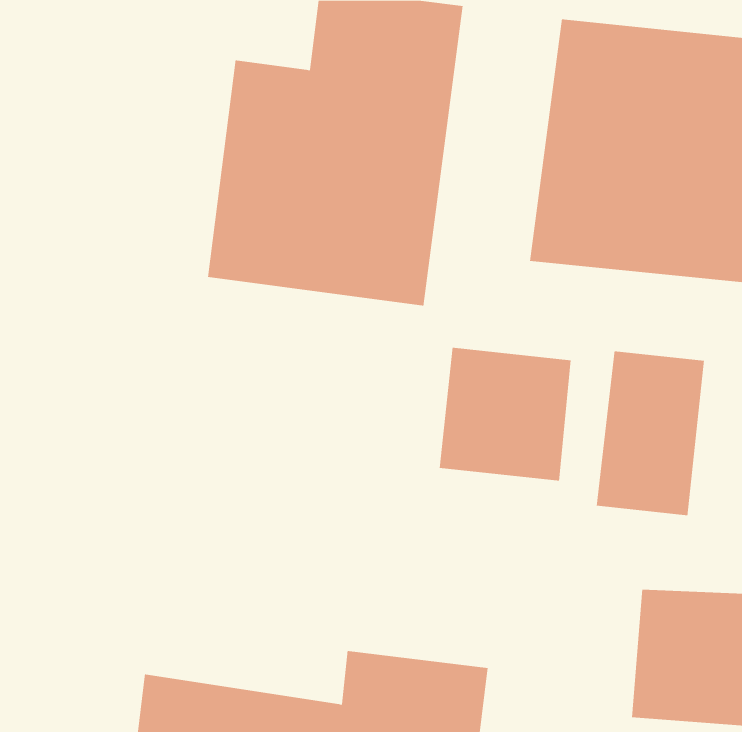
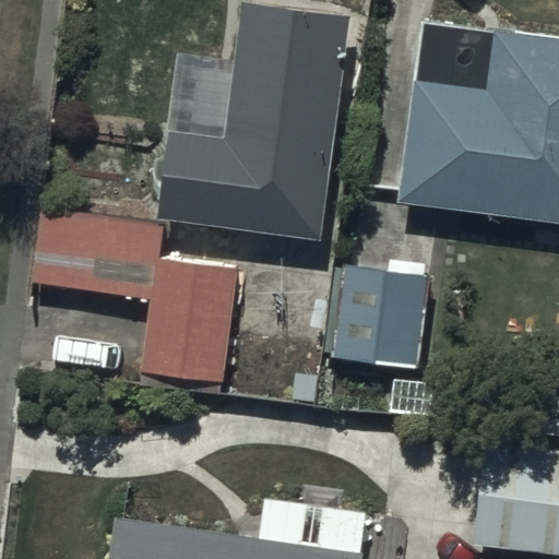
building: none -> [33,209,238,384]
building: [596,351,705,516] -> none

